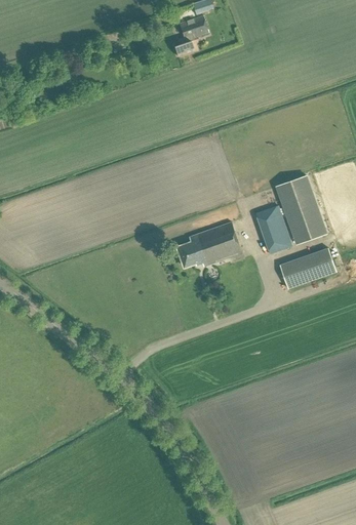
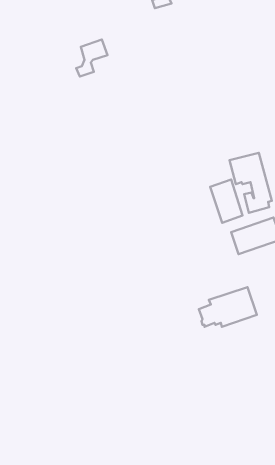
building: [172,15,207,56] -> [76,40,108,76]
building: [176,224,241,268] -> [199,287,257,327]

